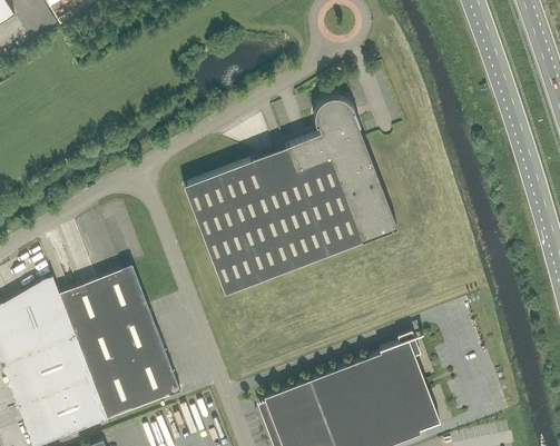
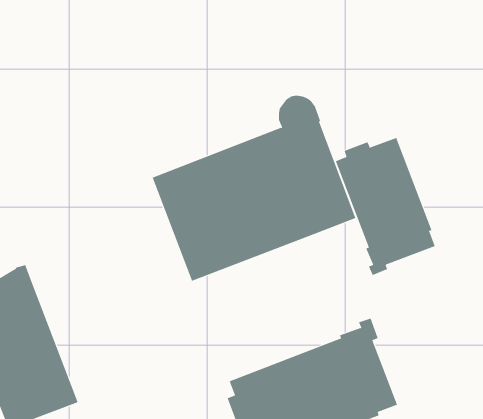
building: none -> [335,137,435,276]
building: [59,266,180,419] -> none

